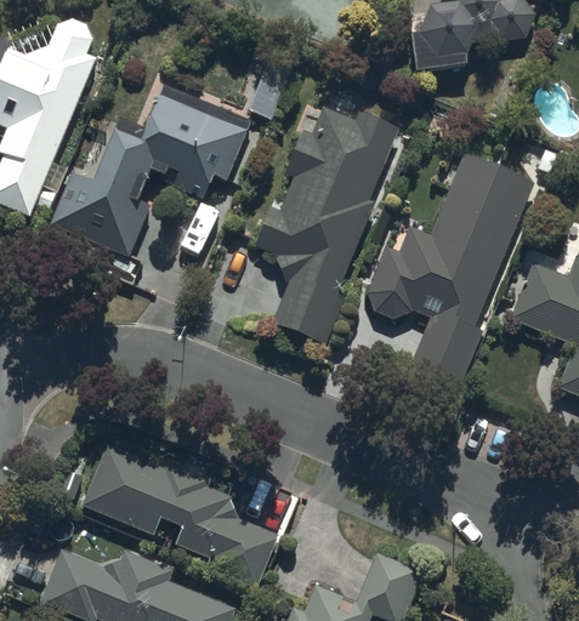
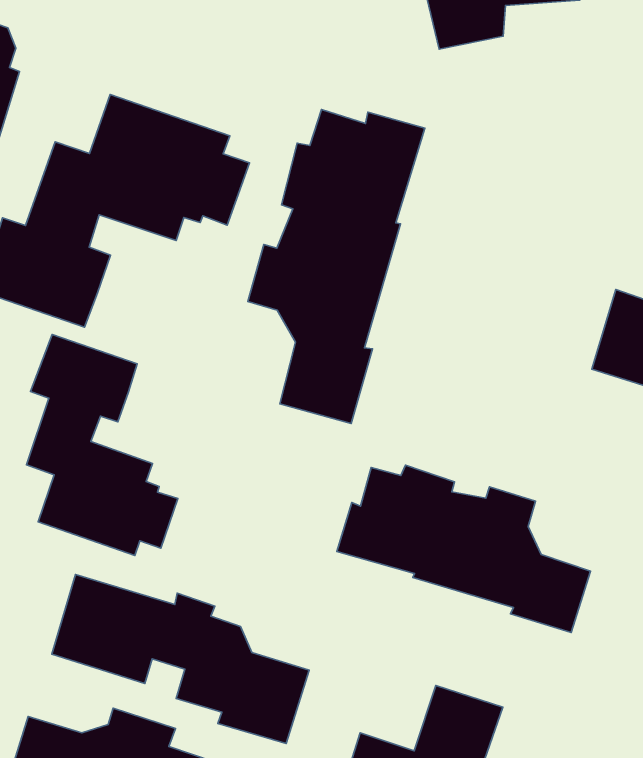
building: [370,155,534,391] -> none
building: none -> [26,334,178,555]
building: none -> [337,465,590,632]

